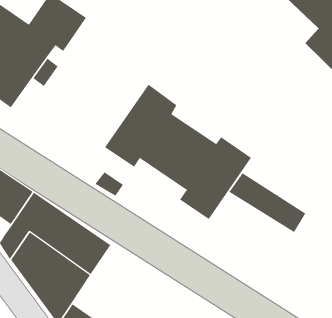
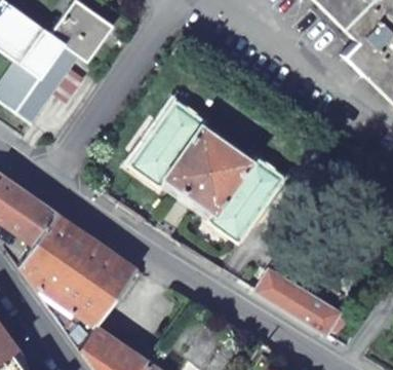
building: [228,173,306,233] -> [258,268,340,332]

